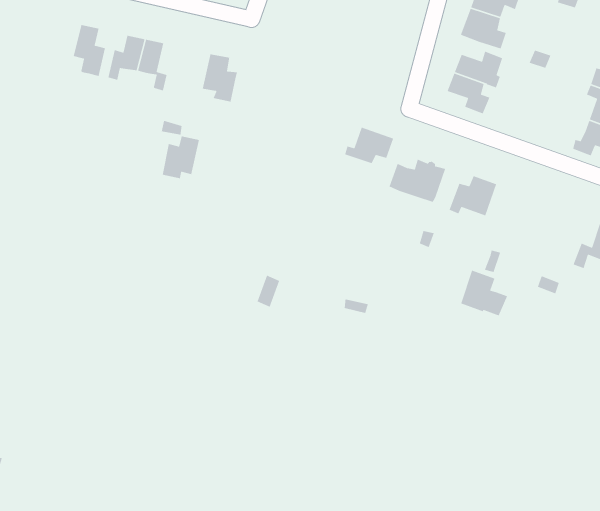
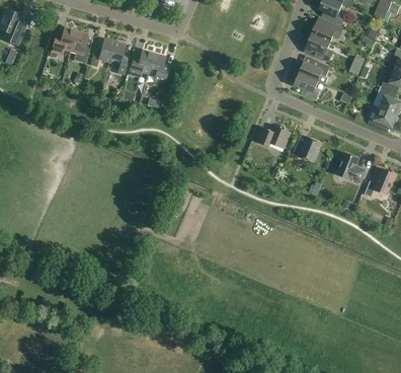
building: none -> [49,27,75,57]
building: [344,126,394,164] -> none
building: [162,136,200,179] -> [128,50,152,76]
building: [460,270,508,316] -> [336,152,366,181]

